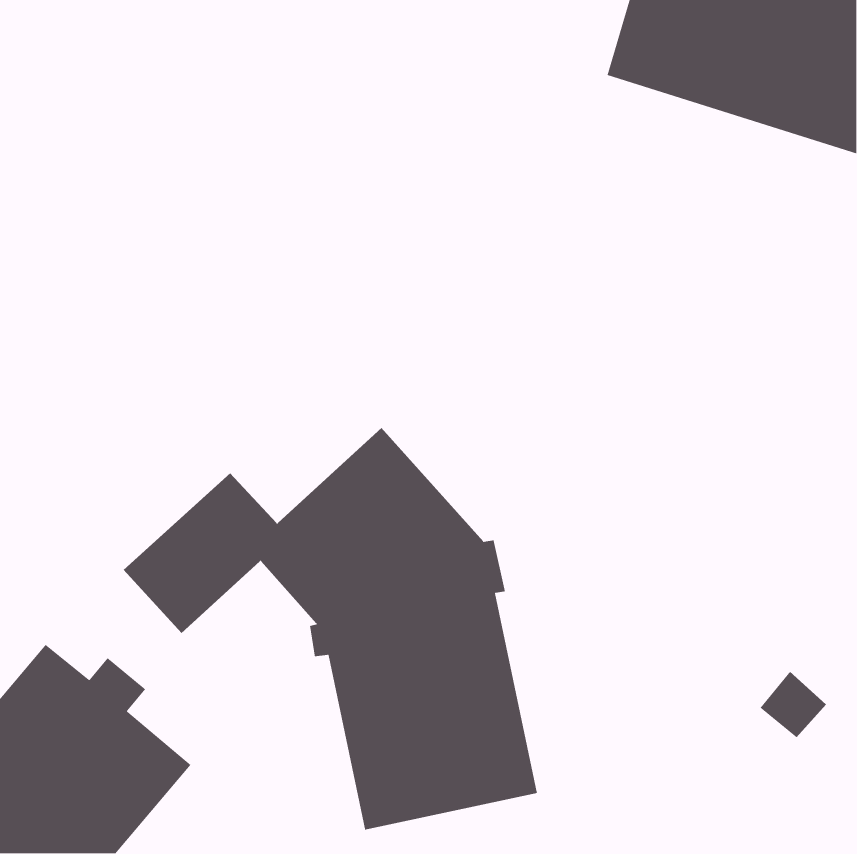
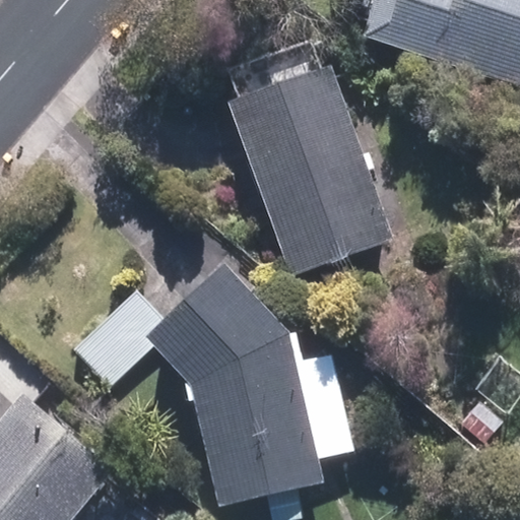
building: none -> [232,80,392,282]

